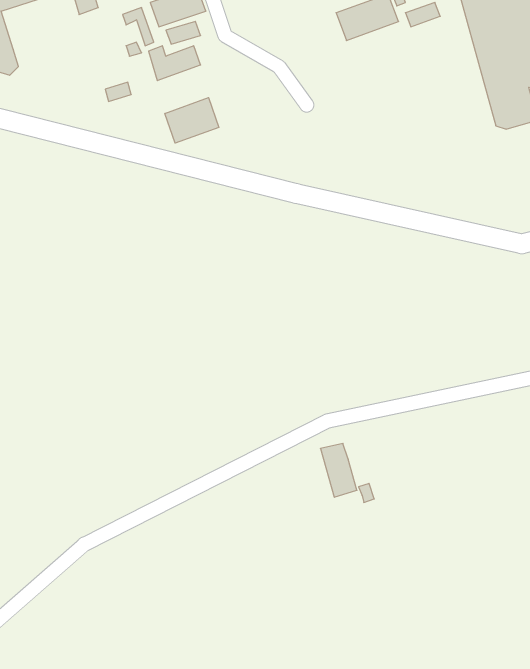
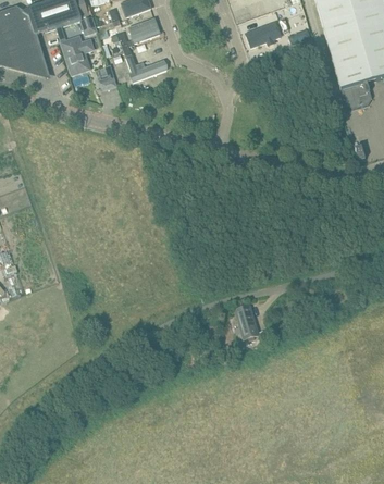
building: none -> [61,35,92,73]
building: [165,98,219,143] -> none

